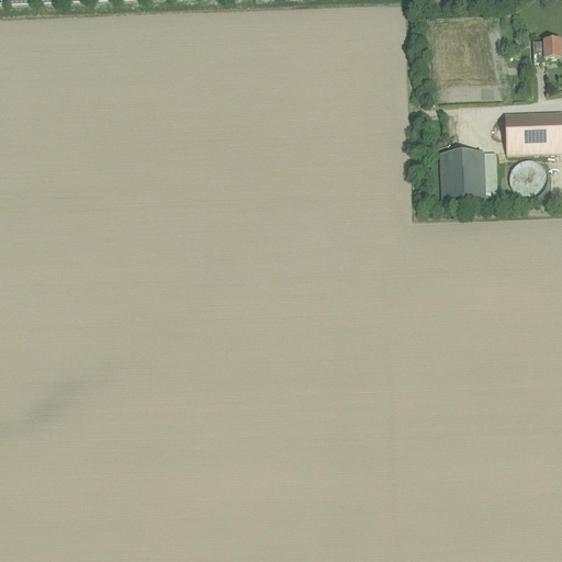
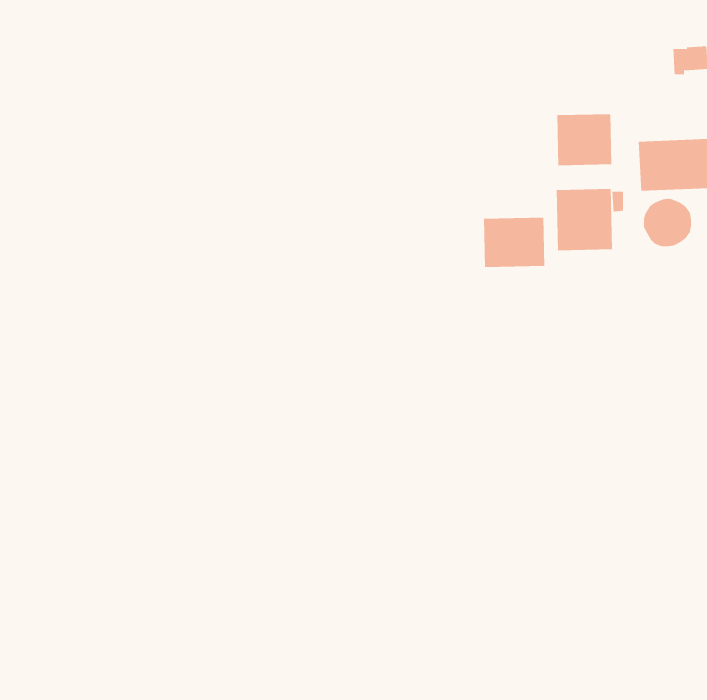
building: none -> [557,113,612,166]
building: none -> [483,217,545,268]

